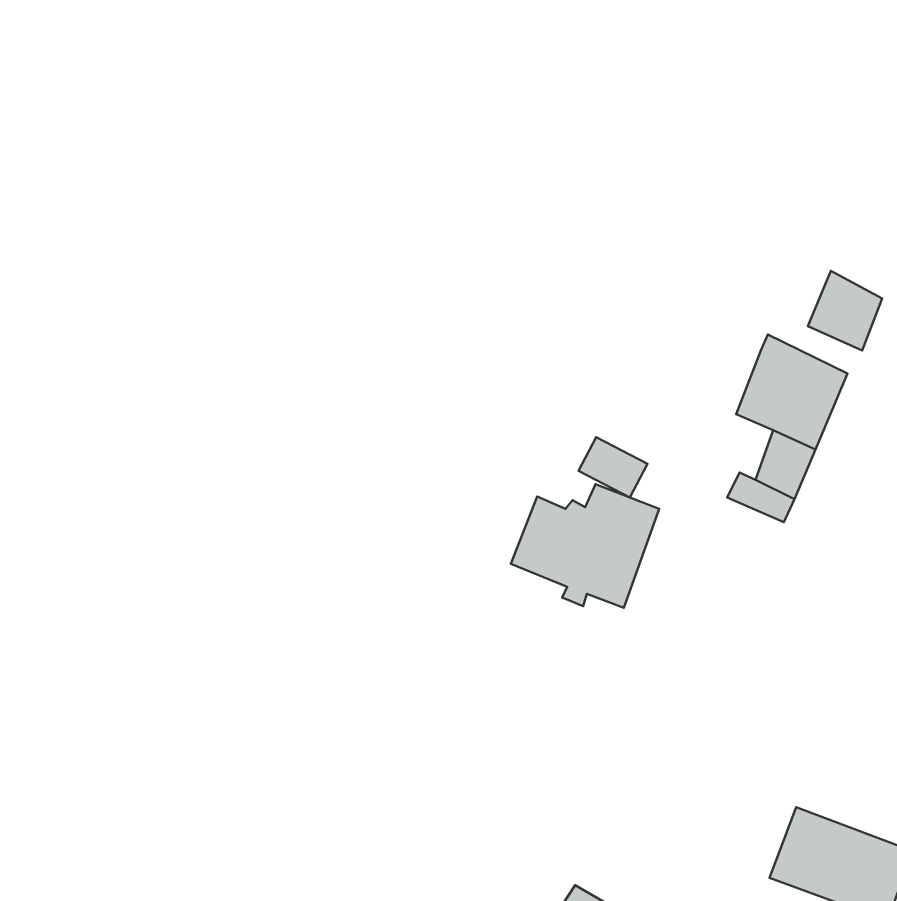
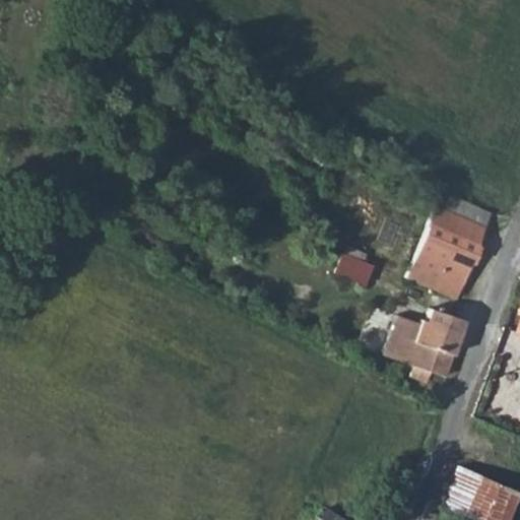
building: [808,271,882,350] -> none
building: [511,484,659,608] -> [380,310,465,381]

